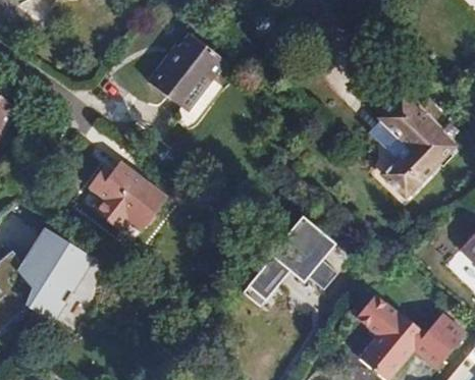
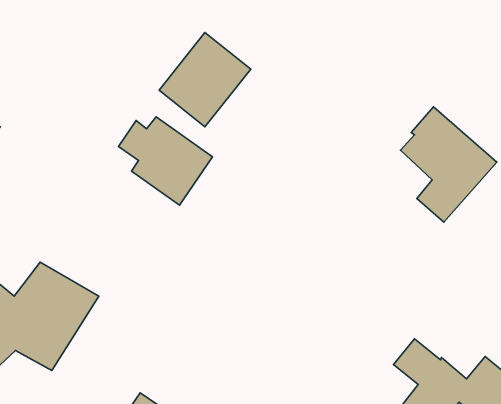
building: [92,160,173,236] -> [118,117,213,205]
building: [250,211,342,297] -> none

